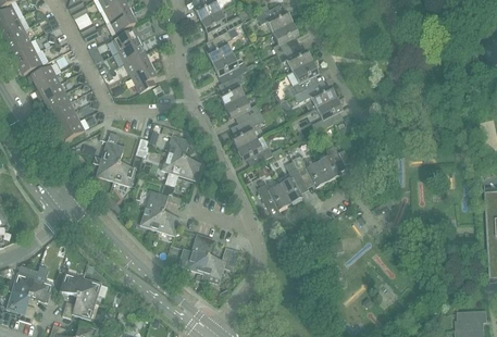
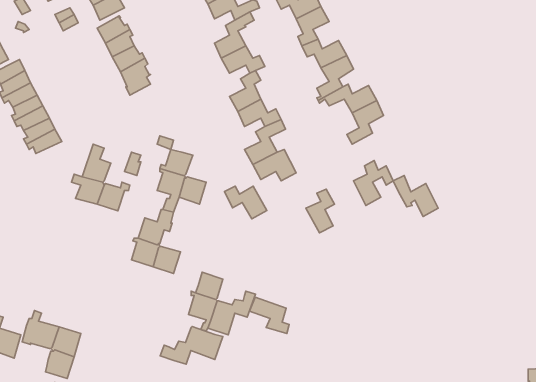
building: [291,154,327,187] -> [393,175,438,216]
building: [257,183,290,209] -> [224,186,267,219]
building: none -> [249,297,289,334]
building: none -> [160,326,223,364]

